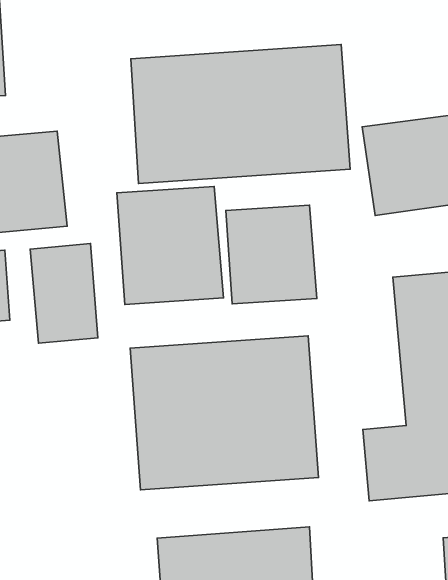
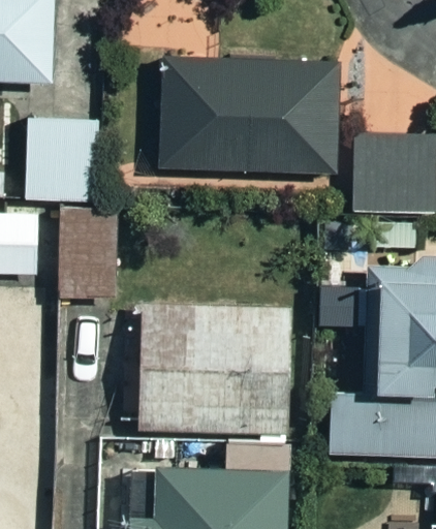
building: [117,186,223,304] -> none
building: [226,205,317,304] -> none

